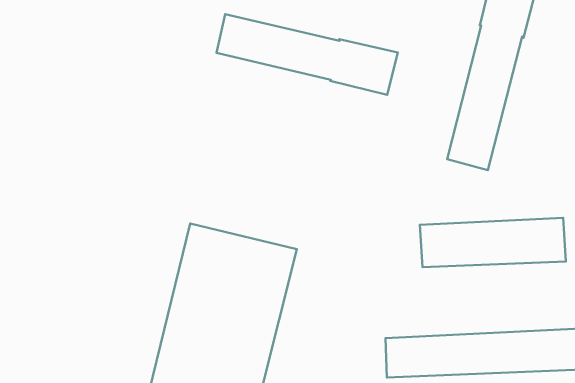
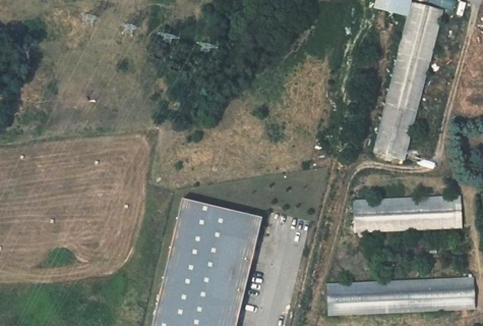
building: [216,14,398,95] -> none

